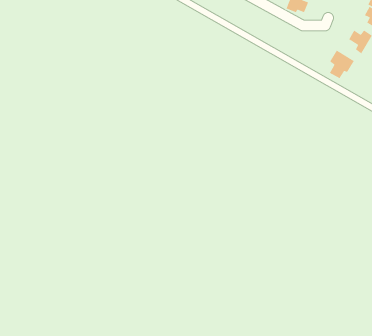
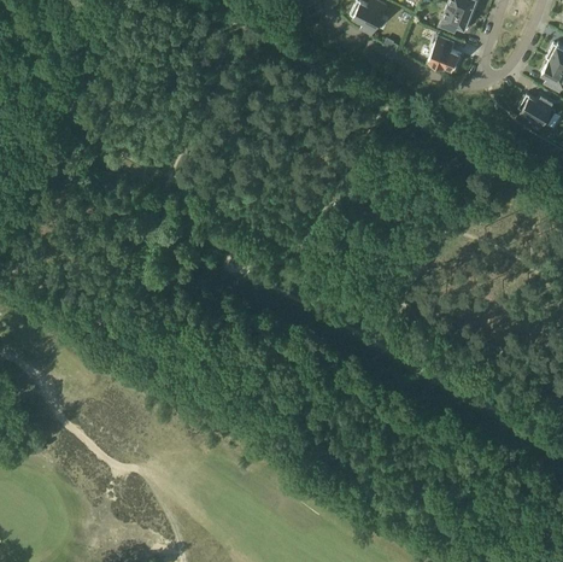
building: [329,50,355,79] -> none

